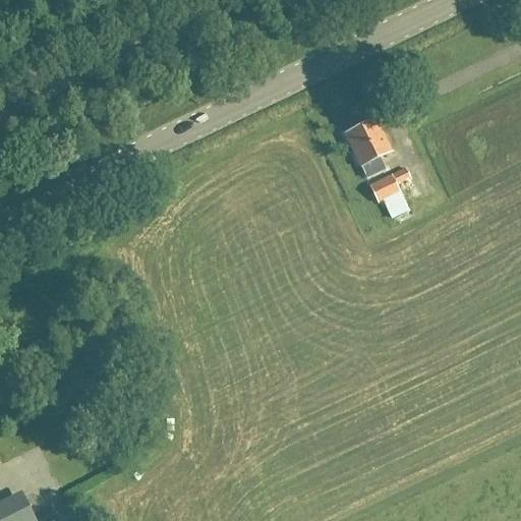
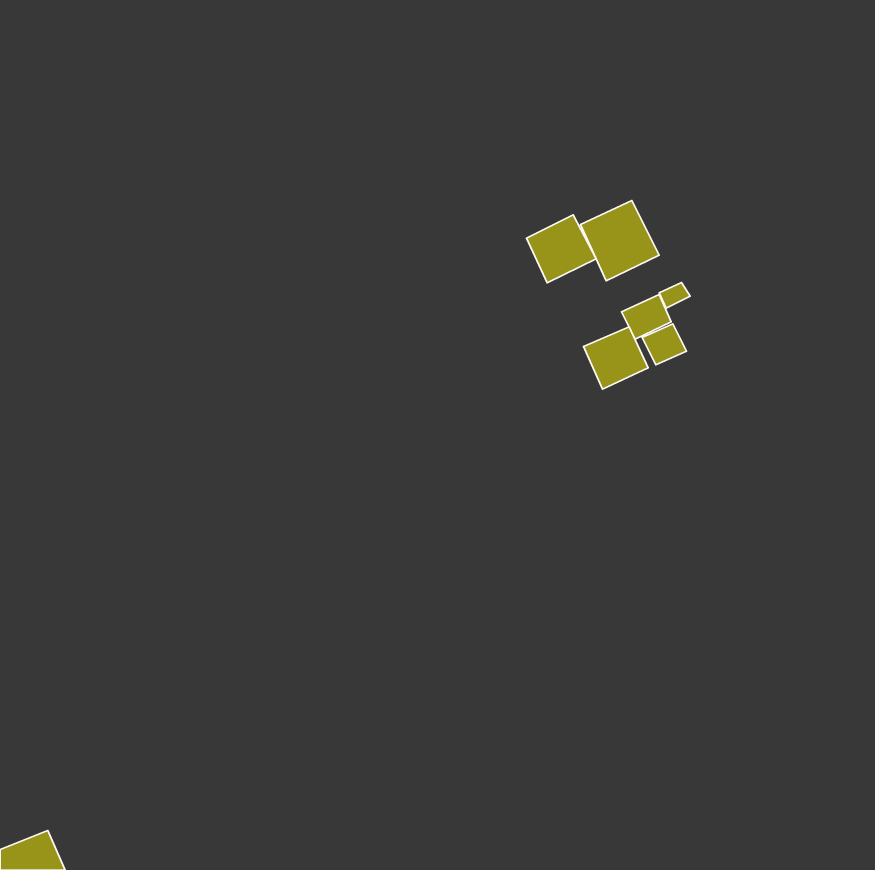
building: none -> [526,215,596,283]
building: none -> [584,327,648,389]

